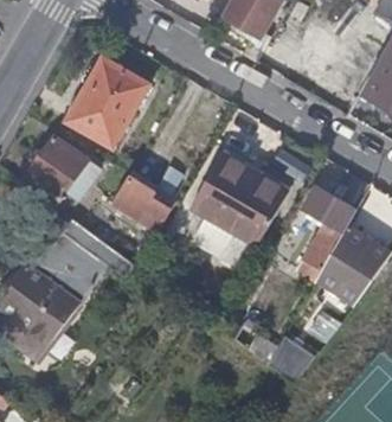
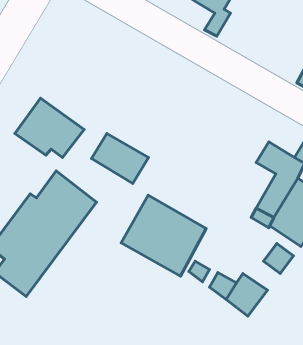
building: [65,56,150,149] -> none
building: [191,153,288,245] -> [121,195,206,276]

